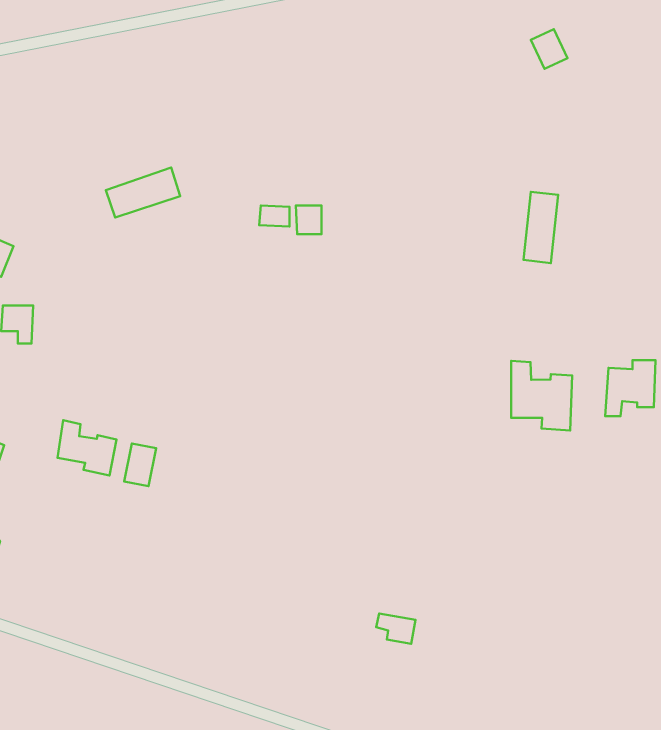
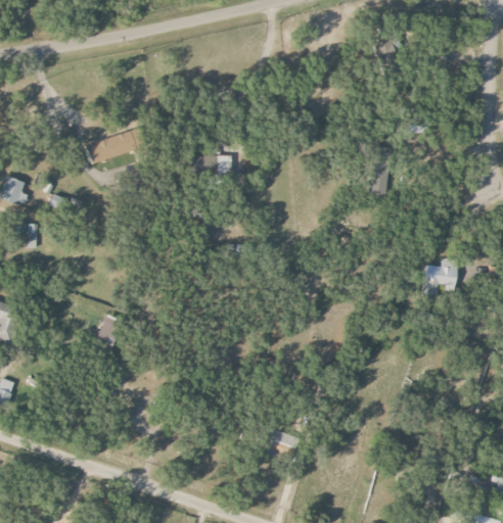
building: [511,361,572,430] -> none
building: [57,420,117,476] -> none

